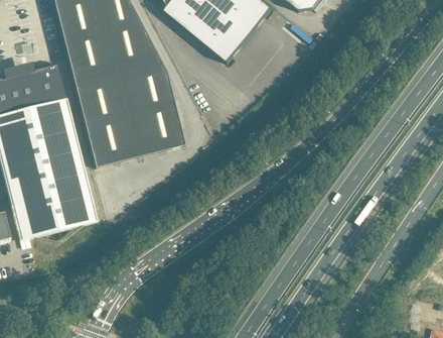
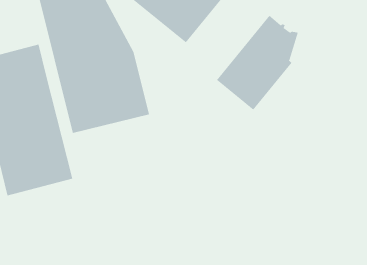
building: none -> [216,15,298,111]

